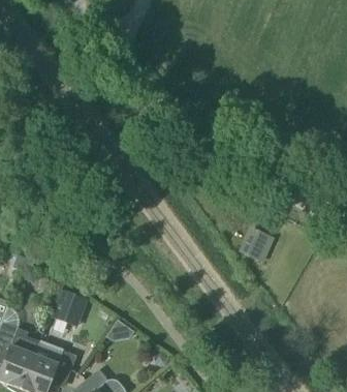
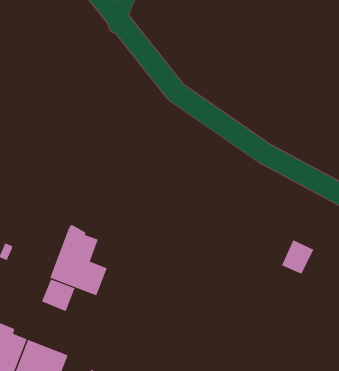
building: [243,229,273,261] -> [281,239,314,275]
building: none -> [50,224,107,296]

